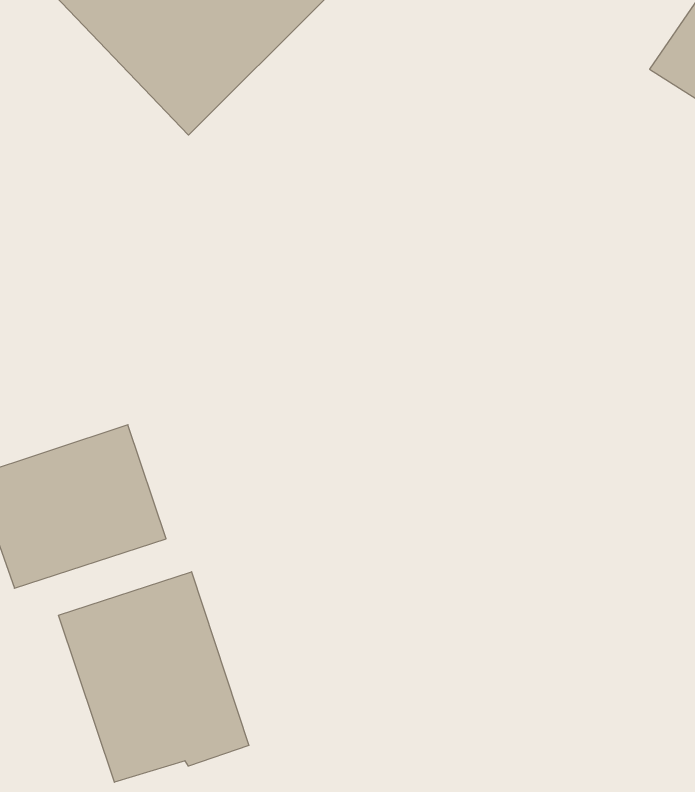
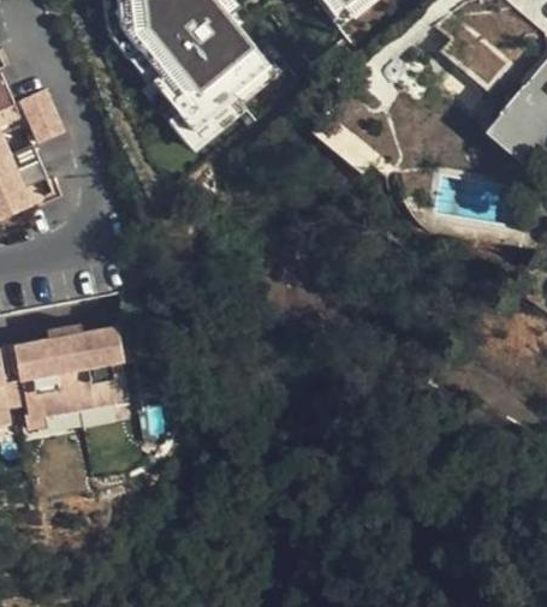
building: [59,572,249,782] -> none

